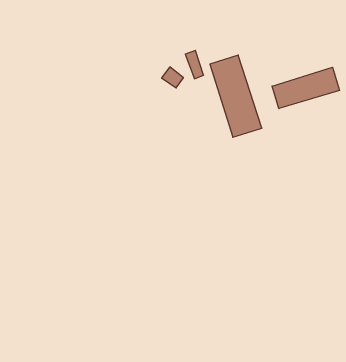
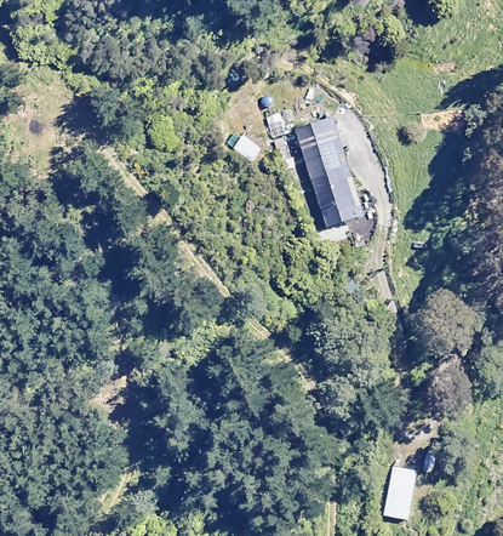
building: [272,67,340,109] -> none
building: none -> [381,464,416,518]

